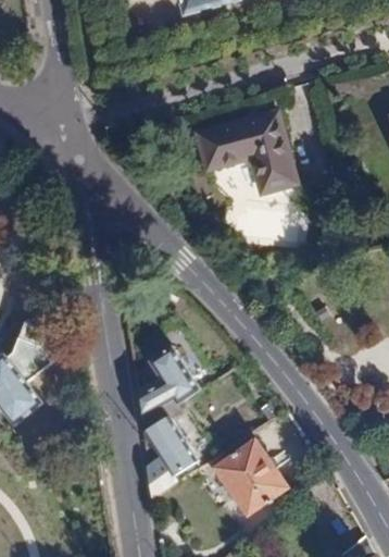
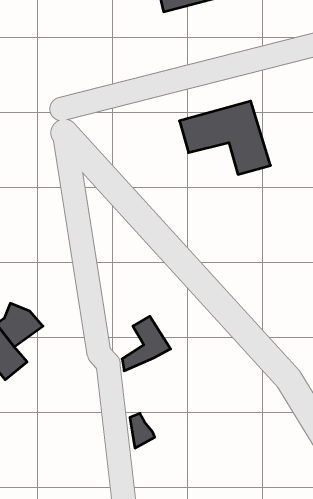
building: [142,416,193,475] -> none
building: [211,435,288,515] -> none

